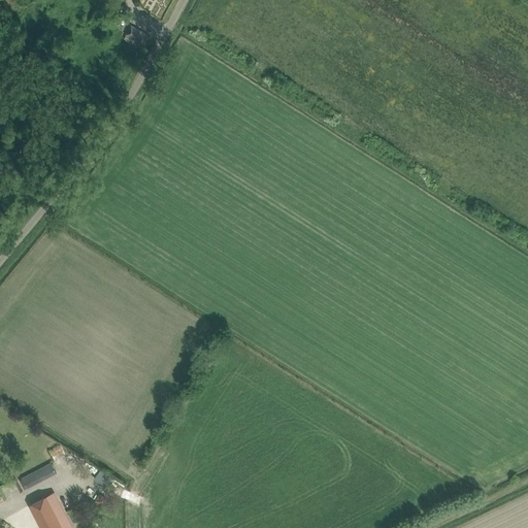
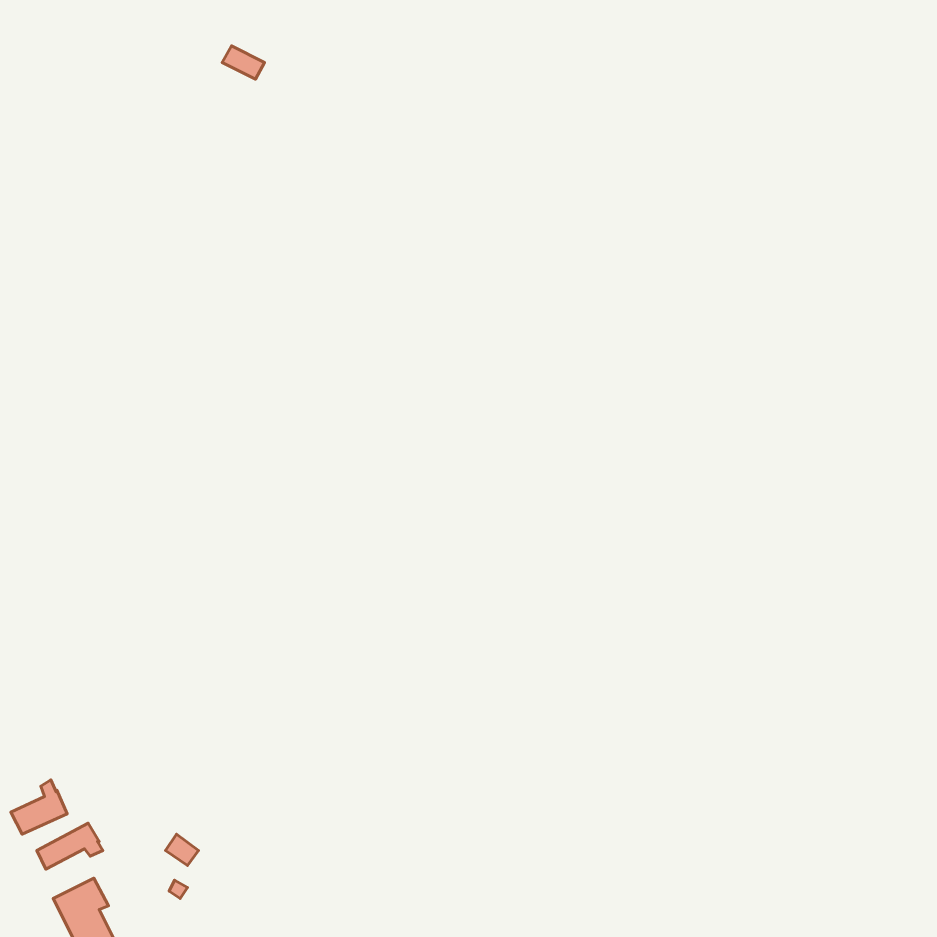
building: none -> [11,780,67,834]

